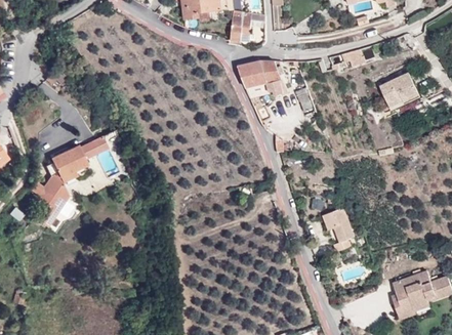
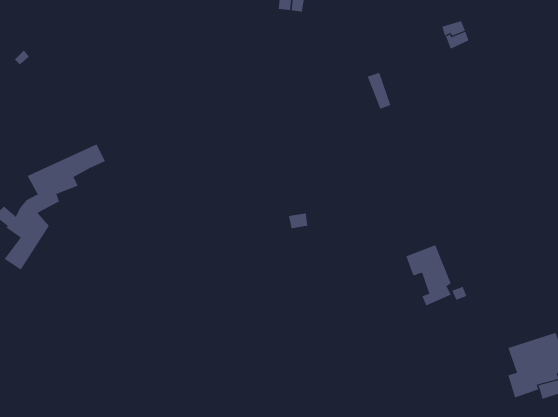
building: [238,61,285,96] -> none
building: [379,74,418,108] -> none

